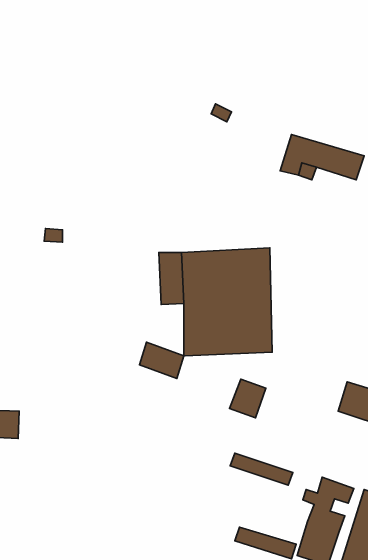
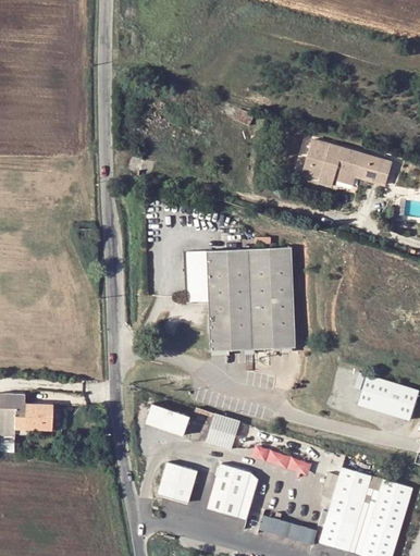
building: [140,342,184,378] -> [147,404,189,438]
building: [230,379,266,418] -> [206,413,240,450]
building: none -> [158,460,199,502]
building: none -> [207,461,252,516]

